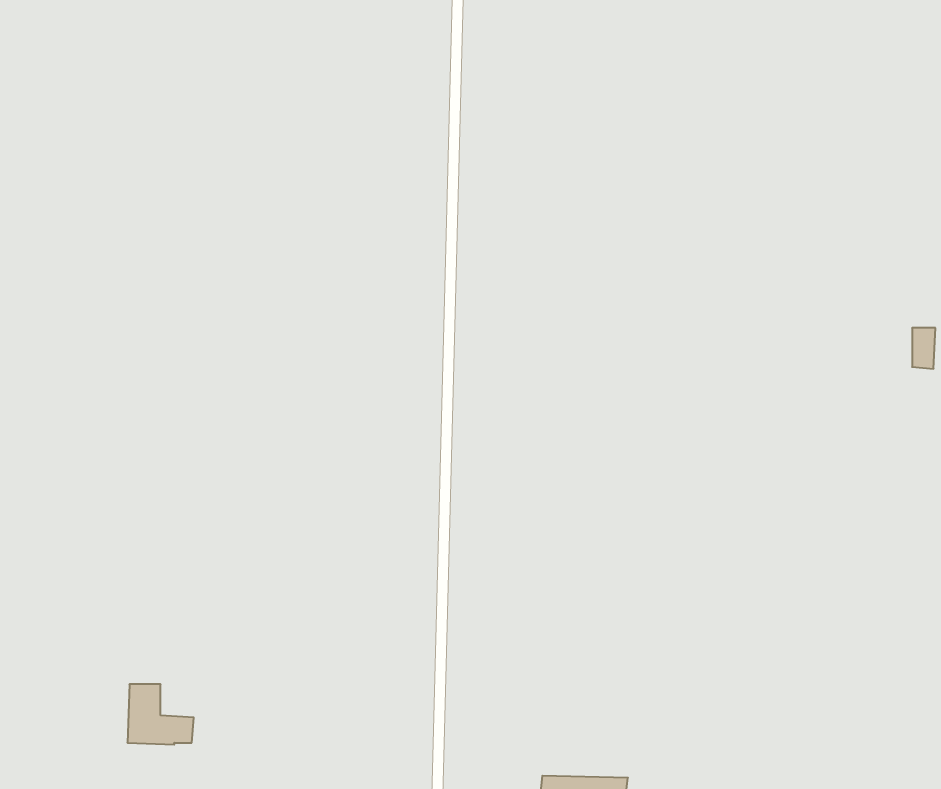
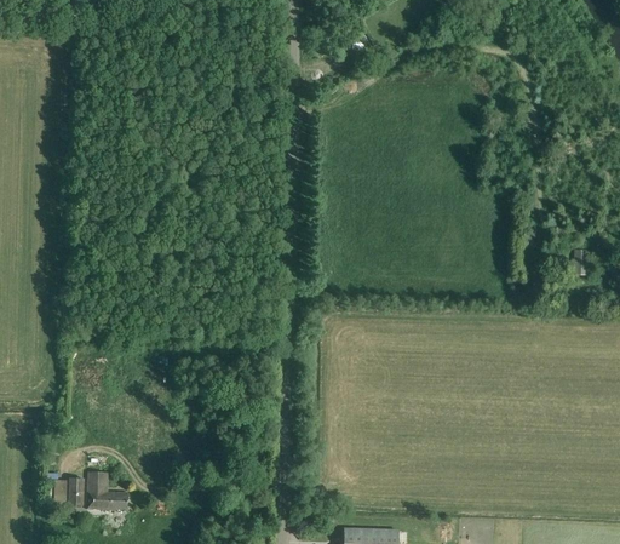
building: none -> [54,479,84,506]

